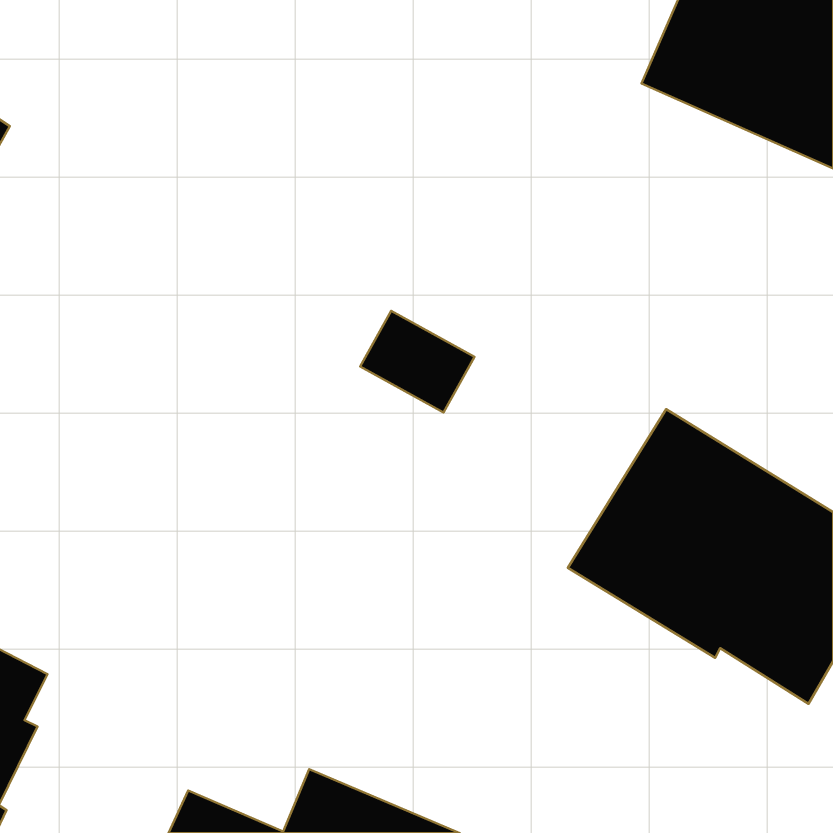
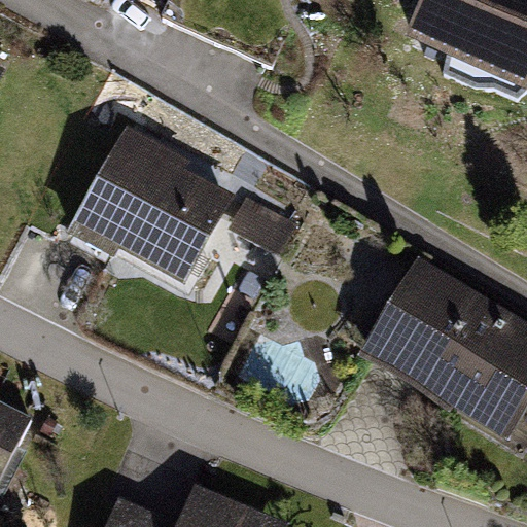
building: none -> [67,127,235,285]

